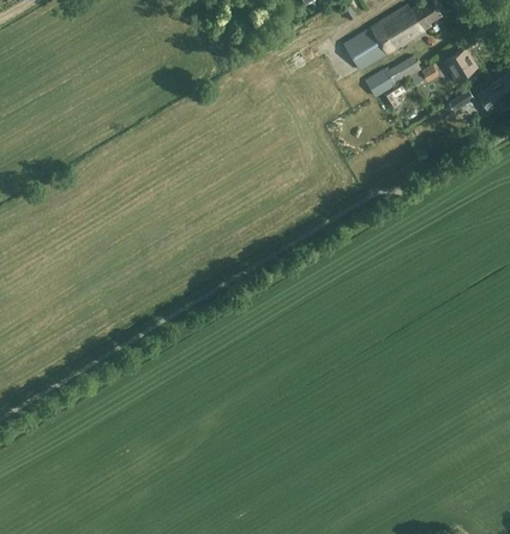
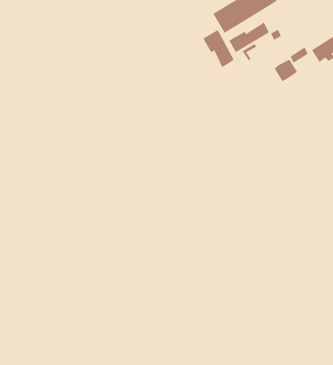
building: [443,49,475,80] -> [274,59,298,82]
building: none -> [203,29,235,68]

